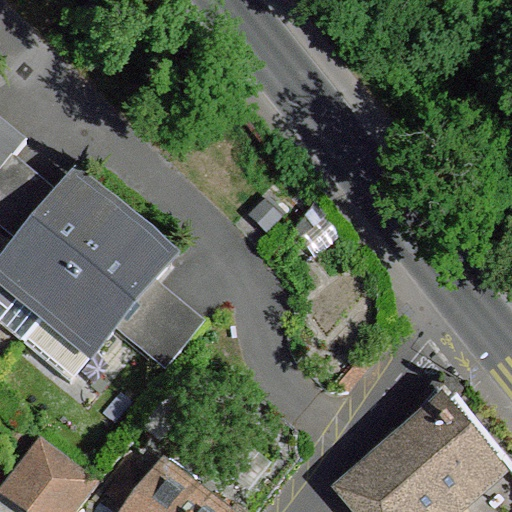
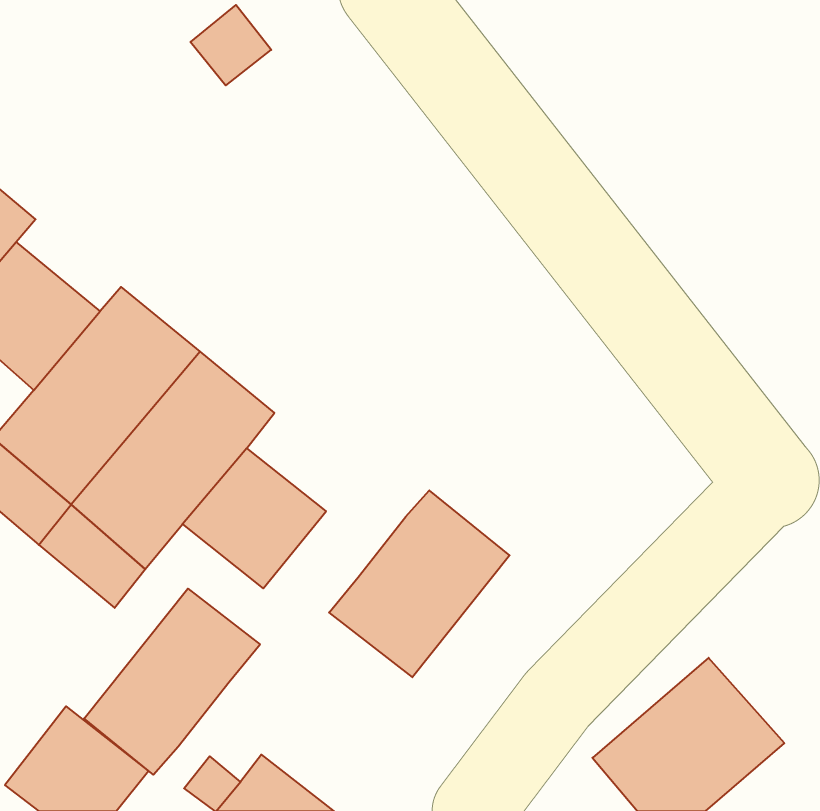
building: none -> [329,490,510,677]
building: none -> [84,589,260,775]

